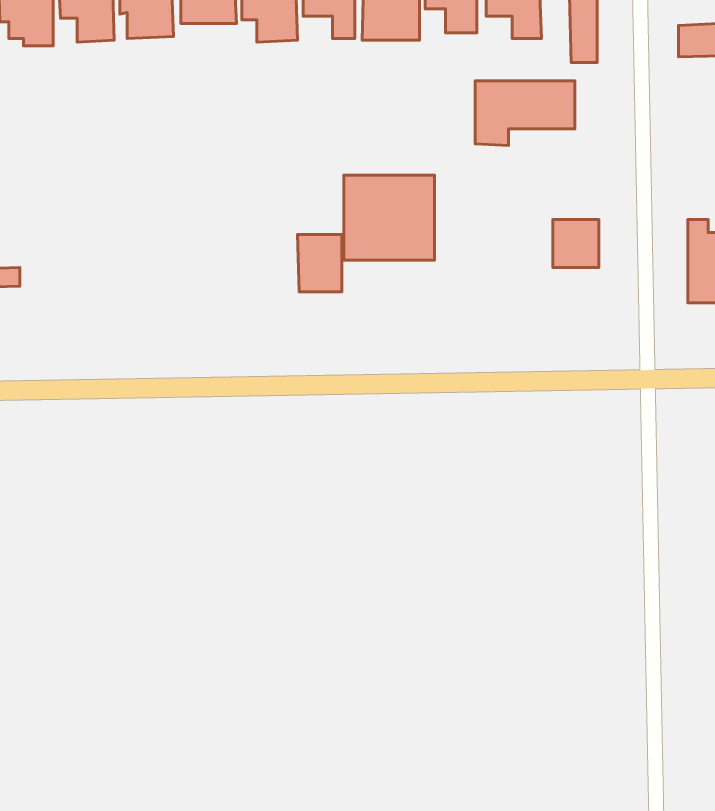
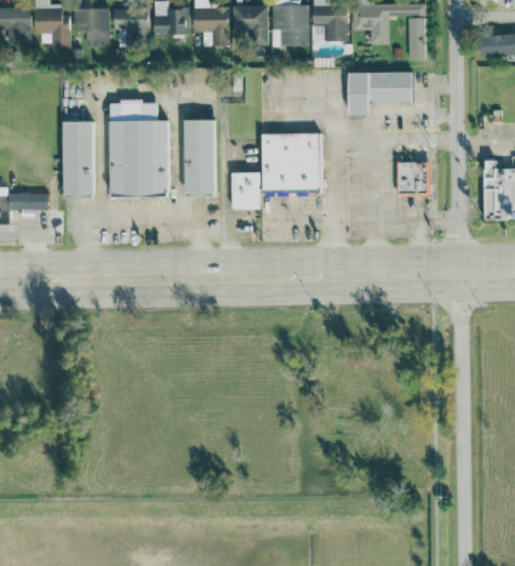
building: none -> [109,101,168,195]
building: none -> [62,120,95,196]
building: none -> [184,120,214,195]

